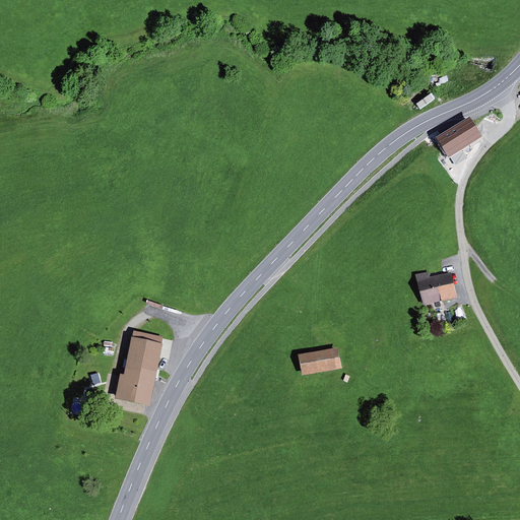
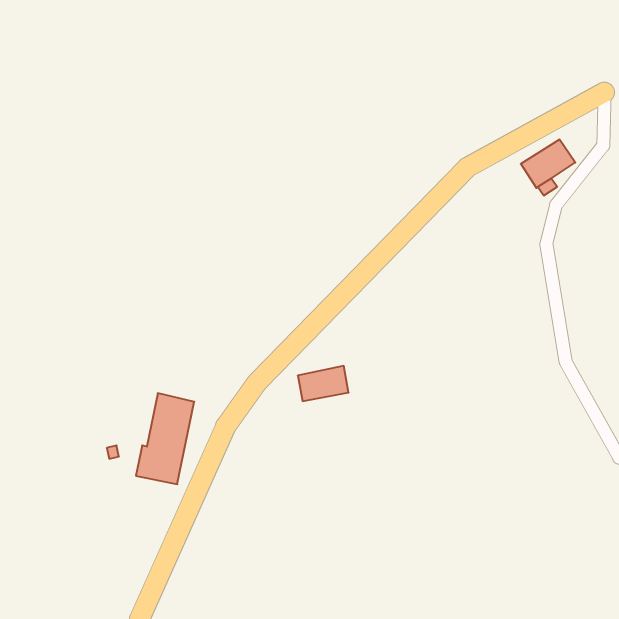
building: [415,270,458,304] -> none
building: [303,345,345,375] -> [298,366,349,401]

